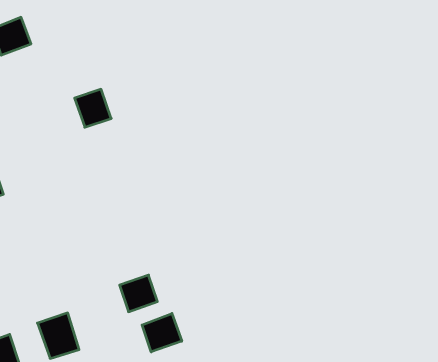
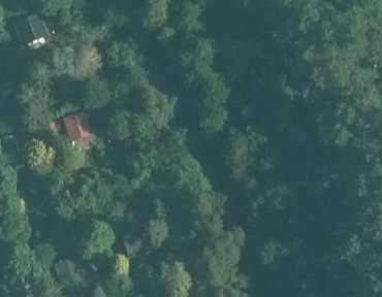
building: [75,89,111,127] -> [63,111,93,142]
building: [142,313,182,352] -> none

